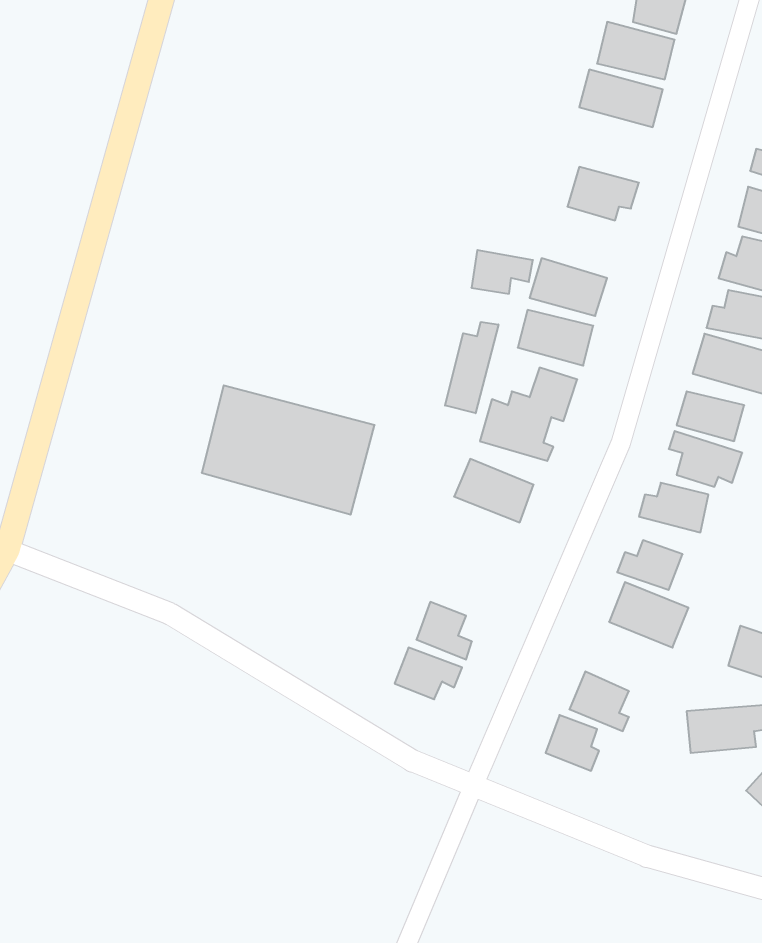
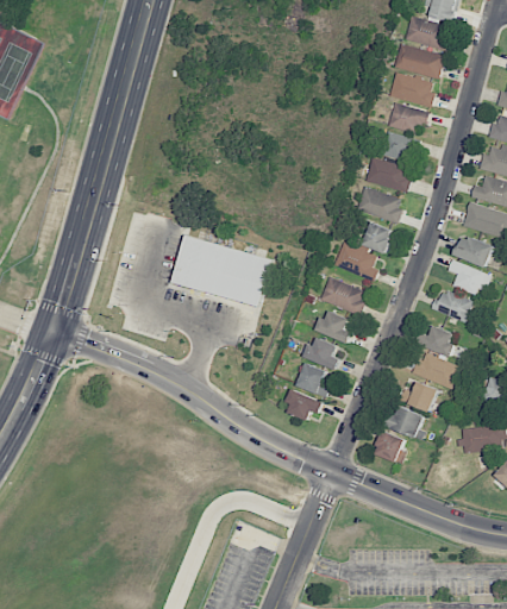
building: none -> [388,73,434,107]
building: [471,250,533,294] -> [382,133,419,159]
building: [445,322,498,413] -> none
building: none -> [318,310,351,343]
building: none -> [302,338,340,369]
building: none -> [408,382,438,412]

